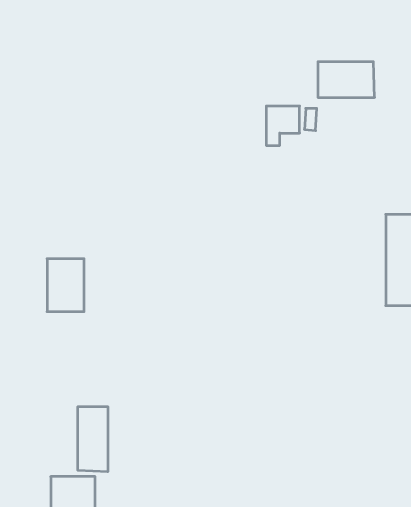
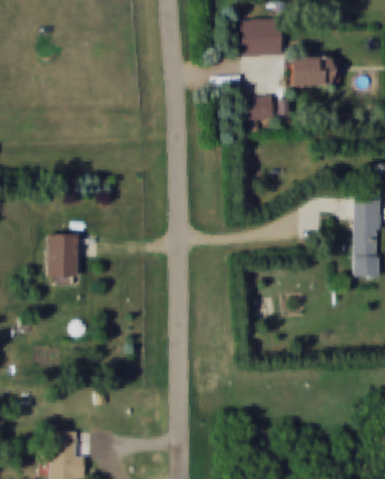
building: none -> [240,20,280,57]
building: [78,407,108,472] -> none

